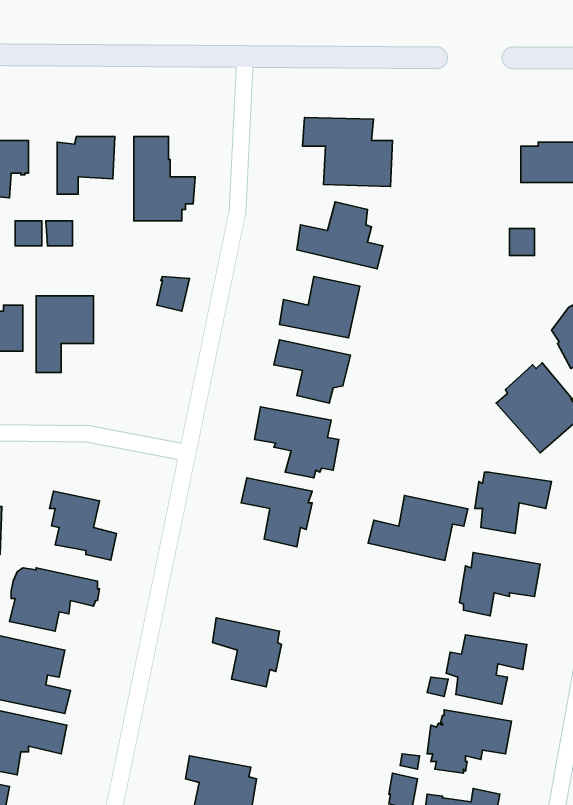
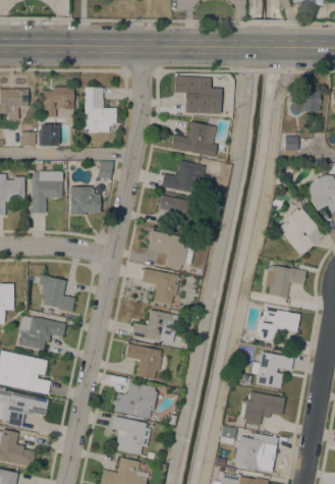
building: none -> [70,186,101,215]
building: [368,495,468,561] -> [131,310,184,344]
building: none -> [113,382,157,419]

